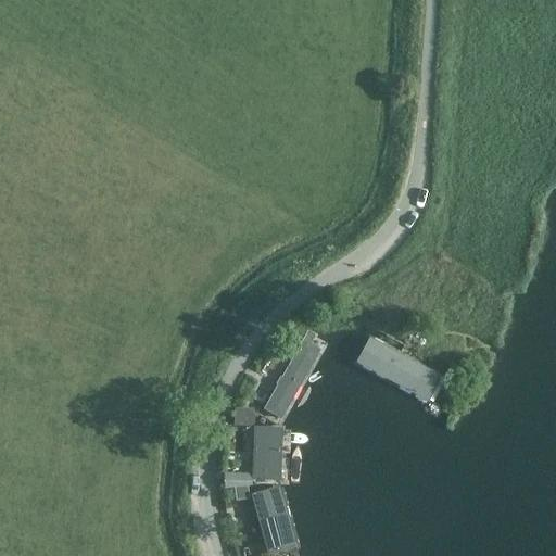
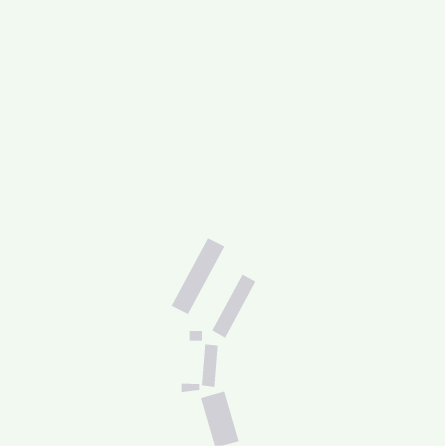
building: none -> [171,237,225,315]
building: [358,336,444,401] -> none

